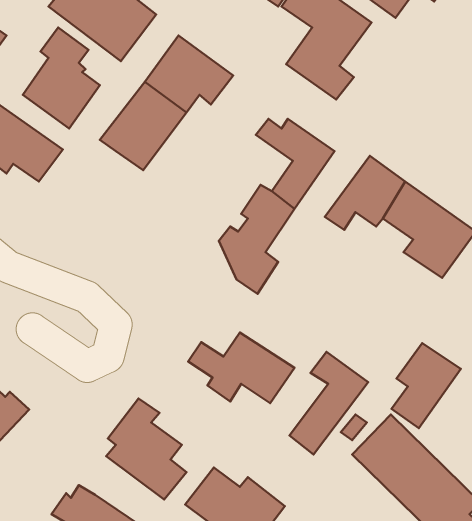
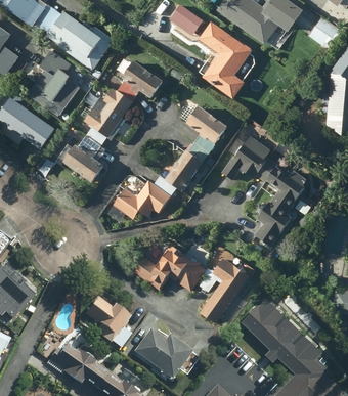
building: none -> [61,128,106,183]
building: none -> [114,172,166,219]
building: [392,343,461,428] -> [253,192,297,247]

